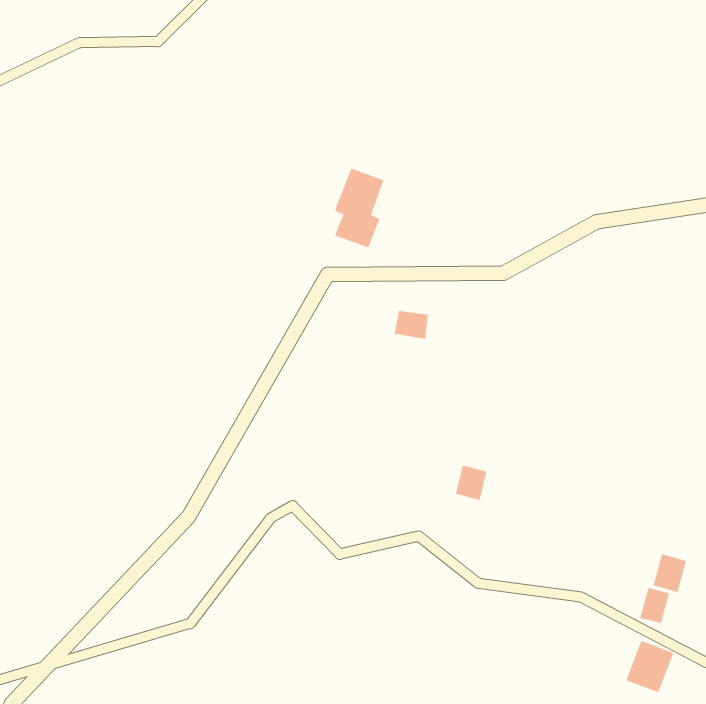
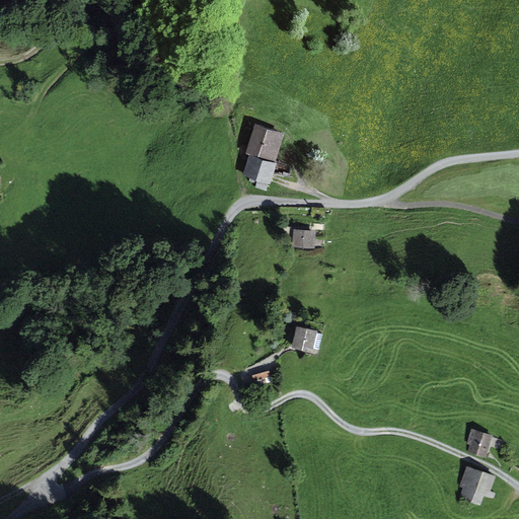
building: [455,465,487,501] -> [292,323,315,350]
building: [653,553,687,593] -> none

